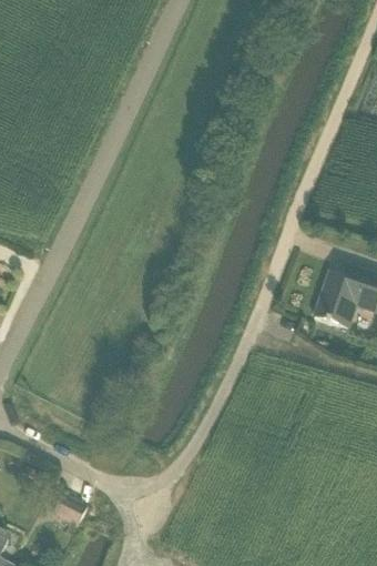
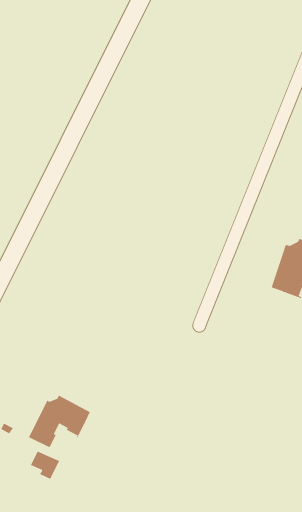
building: none -> [28,395,91,449]

